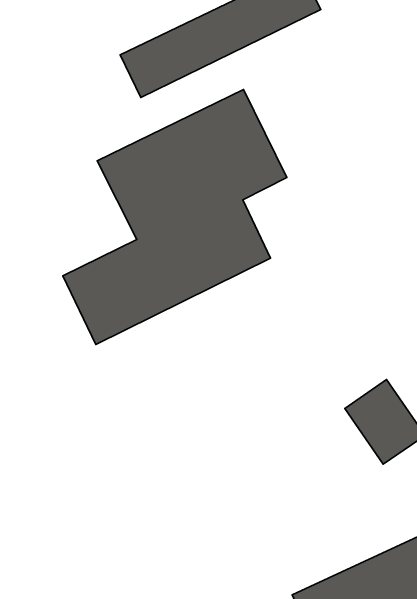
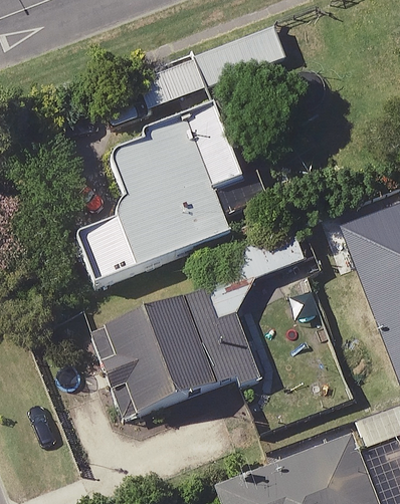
building: none -> [111,295,251,414]

